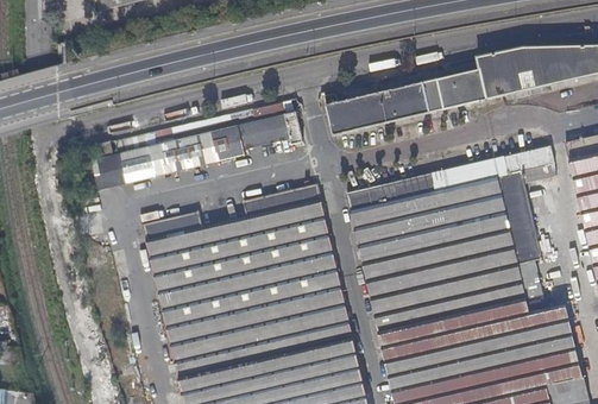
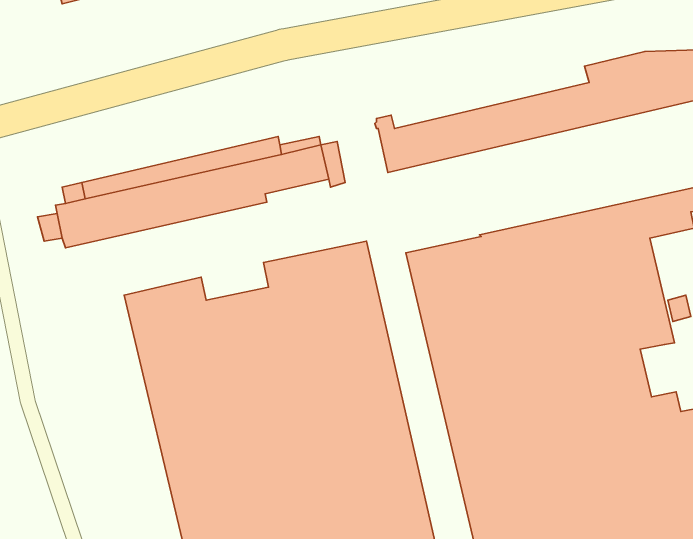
building: [515,258,541,296] -> none

